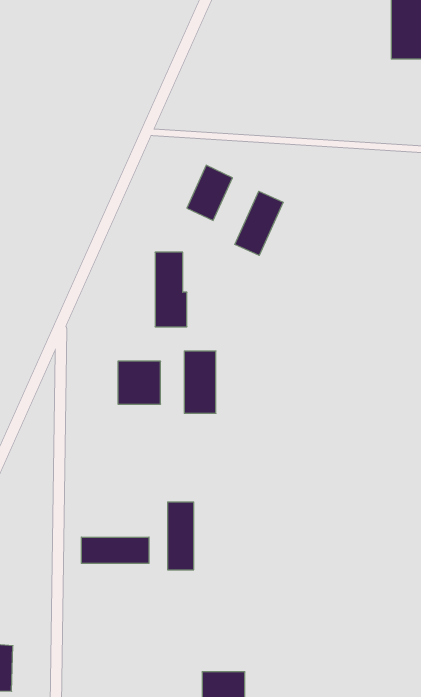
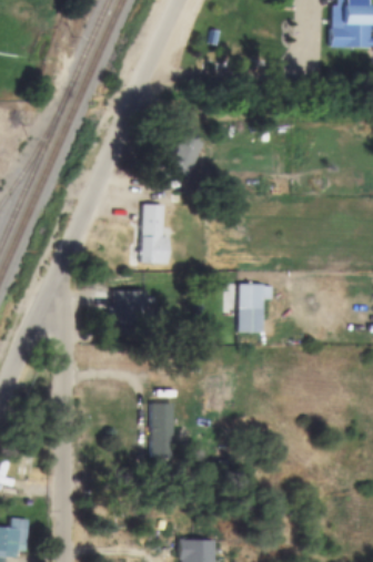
building: [235,191,283,255] -> none
building: [184,351,216,413] -> [238,283,263,333]
building: [81,537,149,563] -> none

